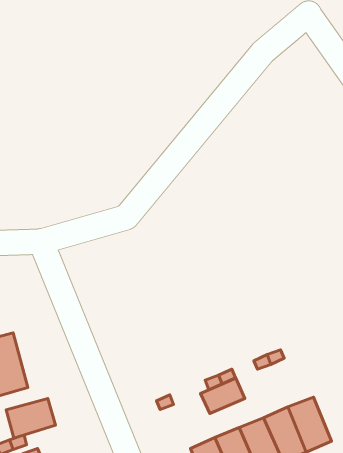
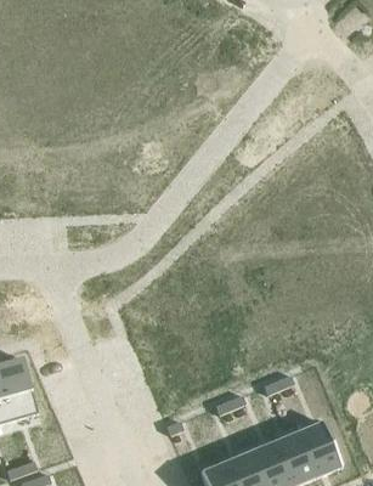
building: [200,378,245,414] -> none
building: [6,399,55,438] -> none

